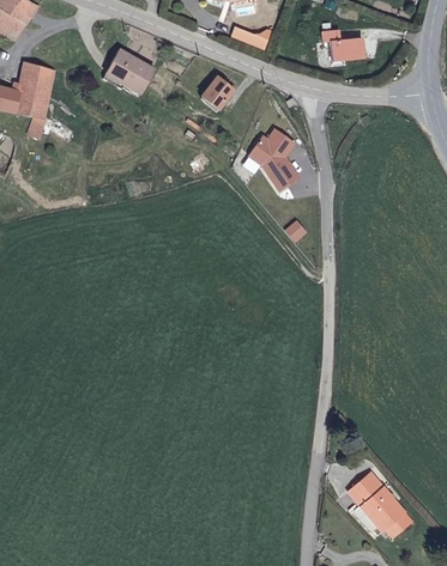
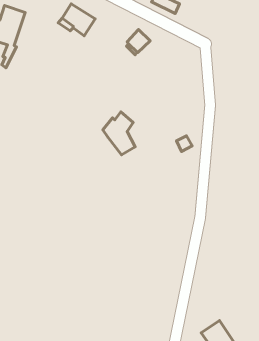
building: [320,29,363,59] -> none
building: [252,128,300,188] -> [103,112,135,155]

